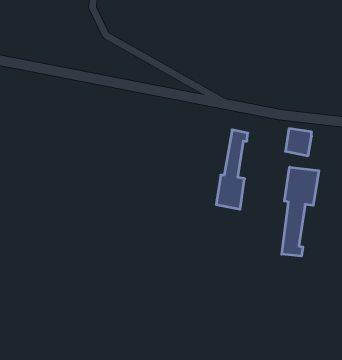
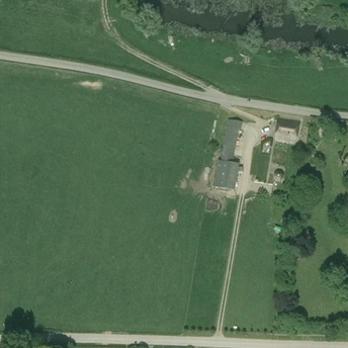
building: [282,167,319,256] -> none

